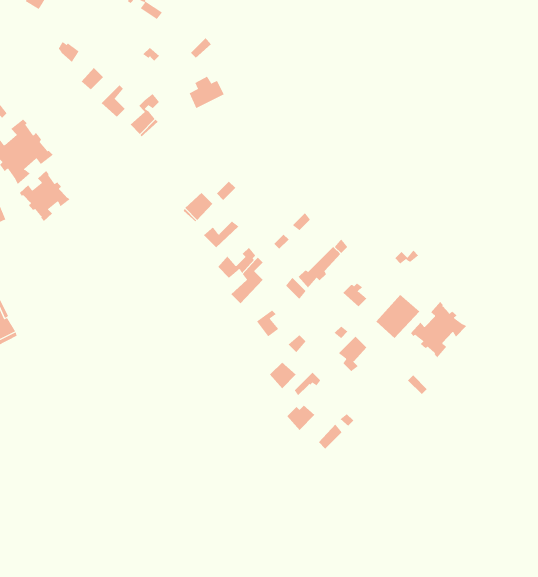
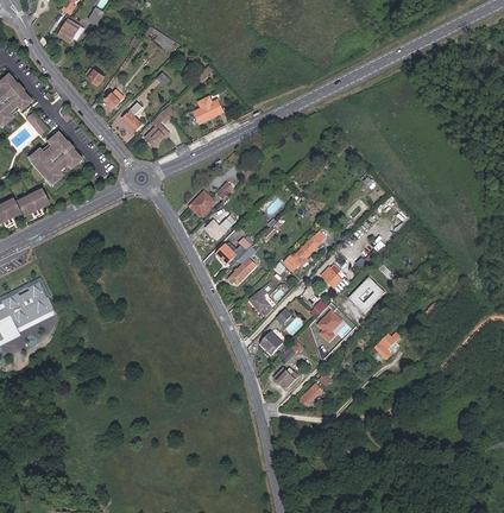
building: [19,170,71,222] -> none
building: [410,301,467,358] -> none

